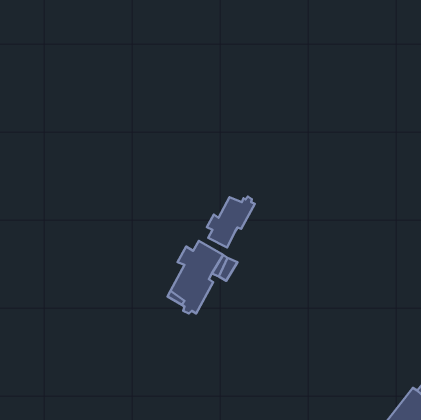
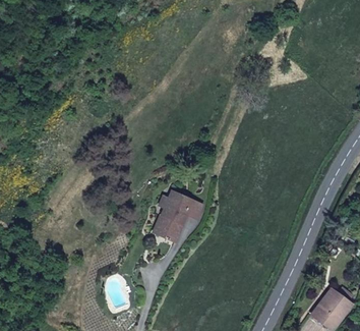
building: [207,197,255,248] -> none

